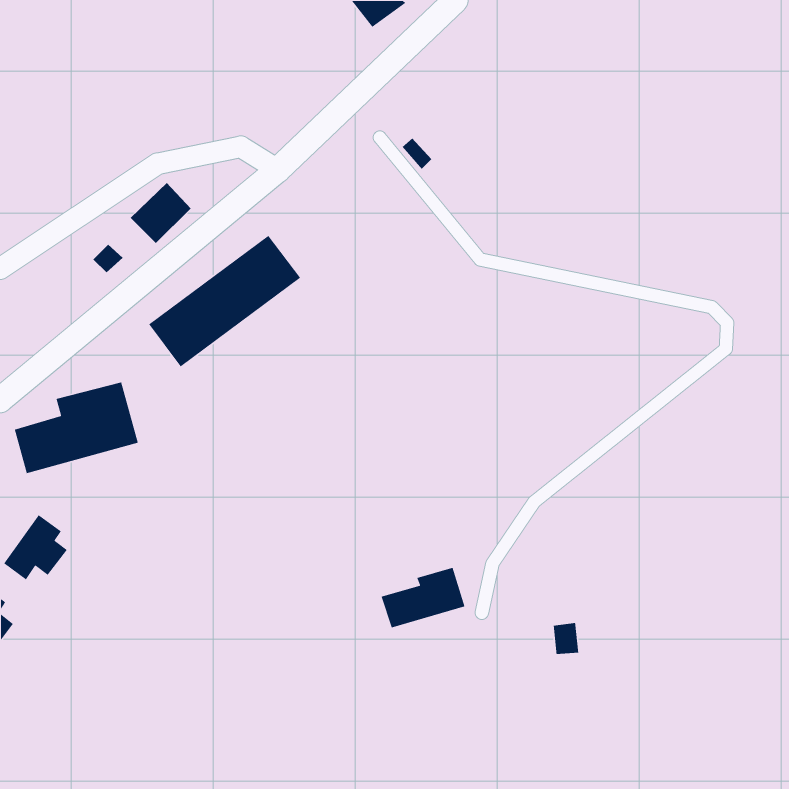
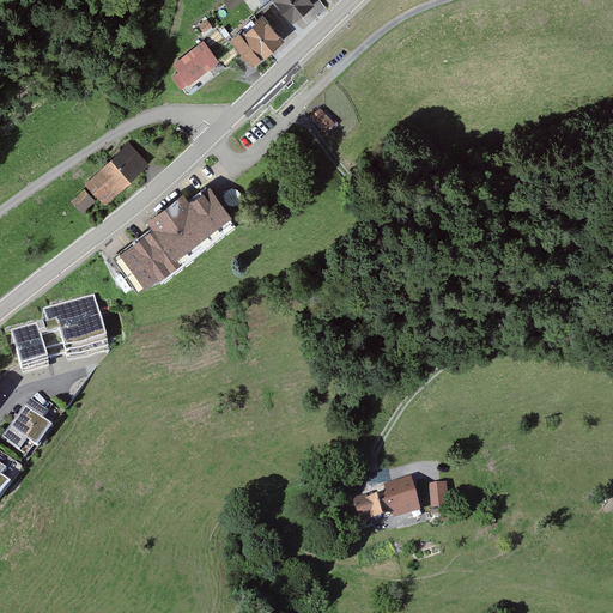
building: none -> [232,14,283,62]
building: none -> [171,40,219,87]
building: none -> [86,169,121,202]
building: [380,567,465,629] -> [353,479,419,527]

